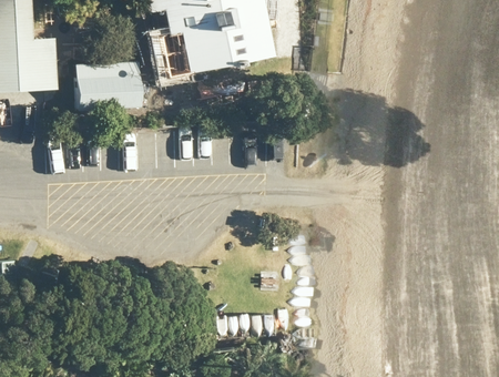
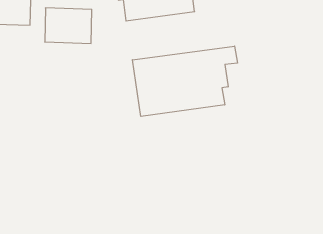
building: none -> [132,46,237,116]

